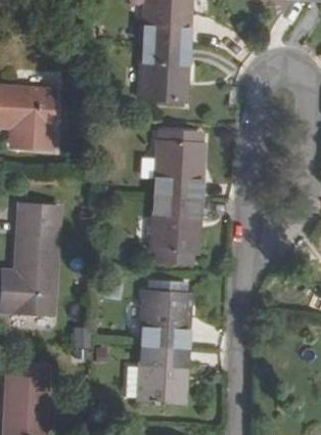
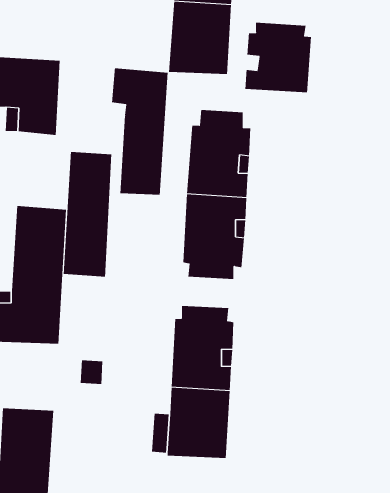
building: none -> [245,22,311,93]
building: none -> [111,67,168,195]
building: none -> [63,151,112,277]

